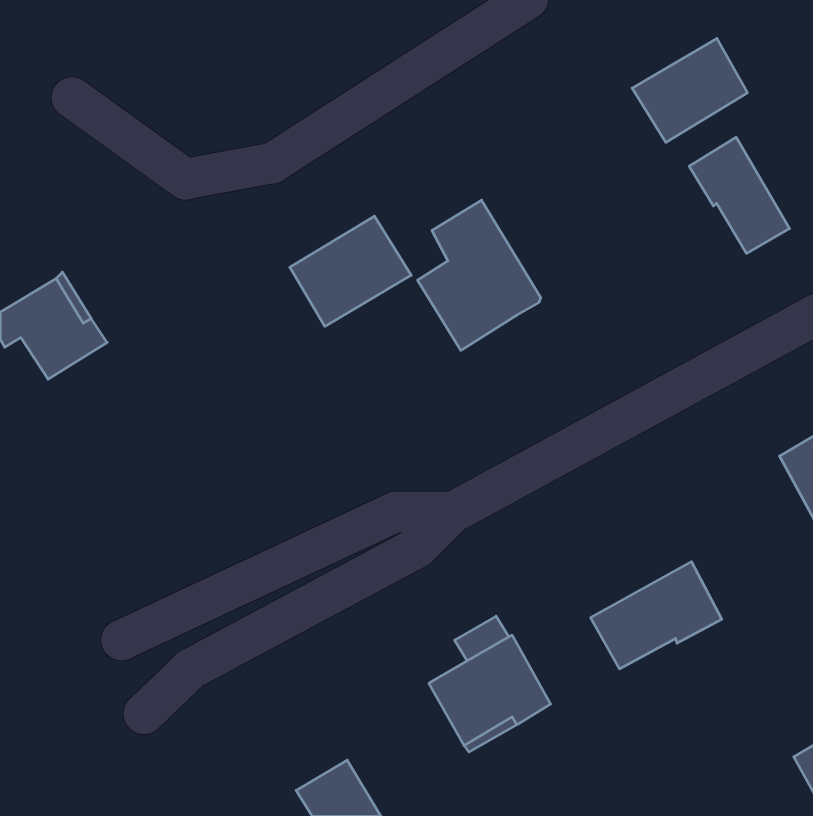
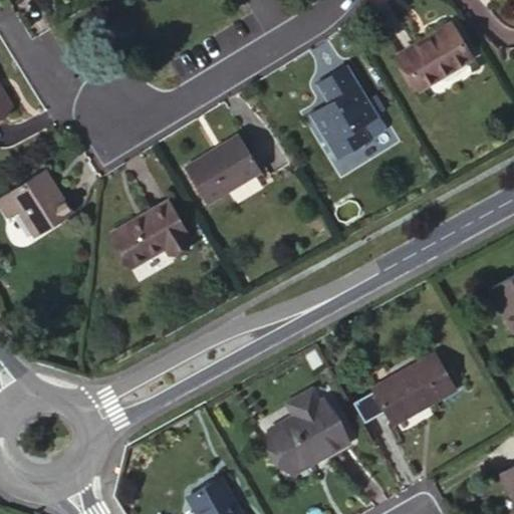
building: [689,137,790,253] -> none
building: [418,200,541,350] -> [309,67,387,162]
building: none -> [111,203,192,268]

